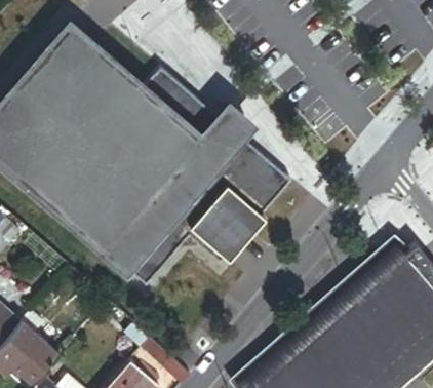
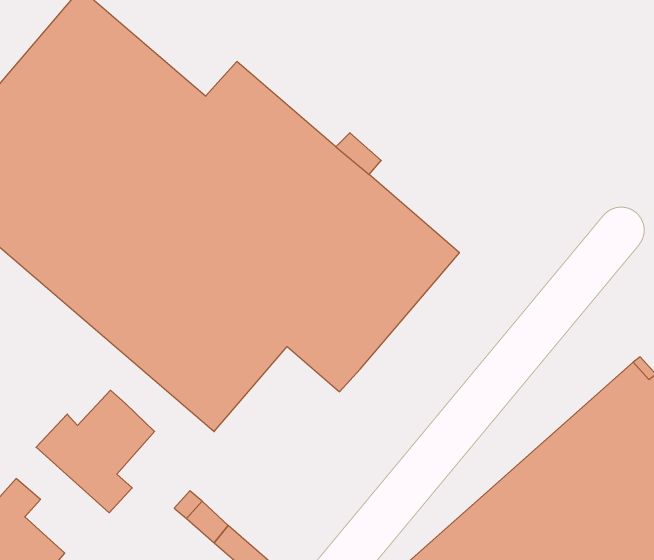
building: none -> [36,390,155,513]

